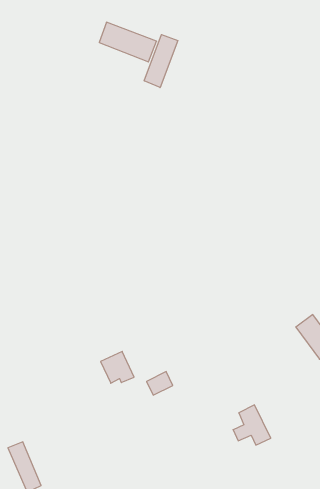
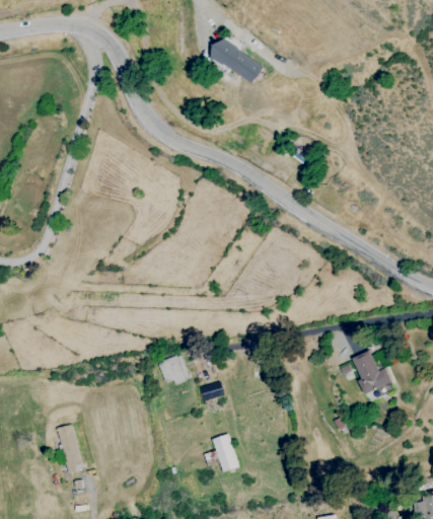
building: [144,35,178,88] -> none
building: [233,405,271,445] -> [205,434,239,472]

